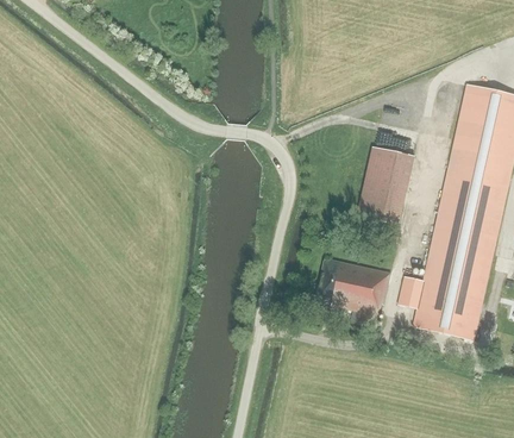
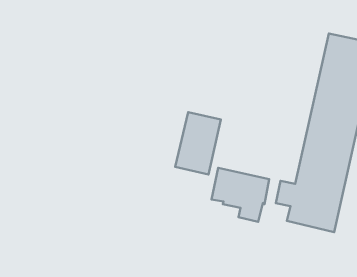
building: [356,145,414,225] -> [175,112,221,174]

